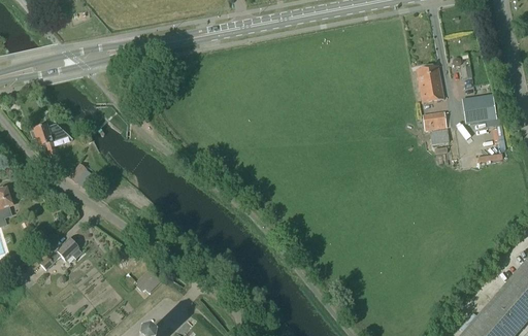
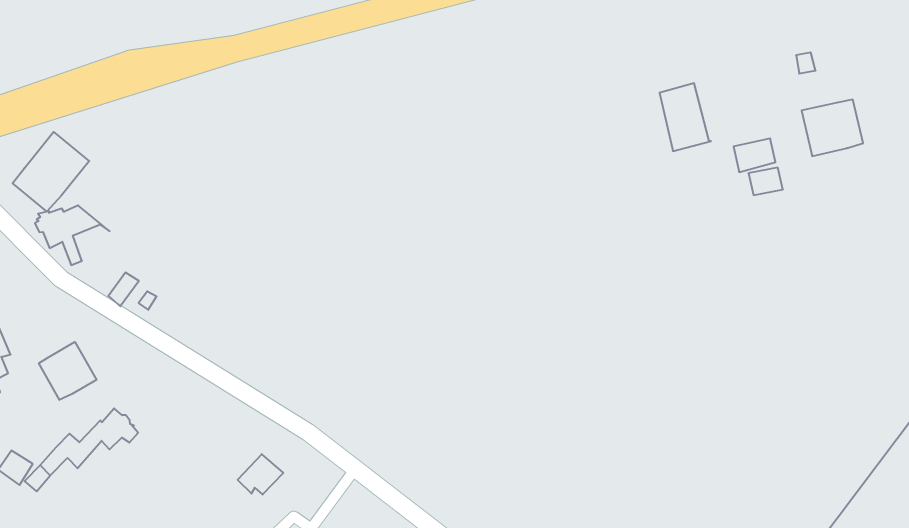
building: [418,65,444,102] -> [660,83,711,151]
building: none -> [13,132,89,212]
building: none -> [39,342,96,400]

